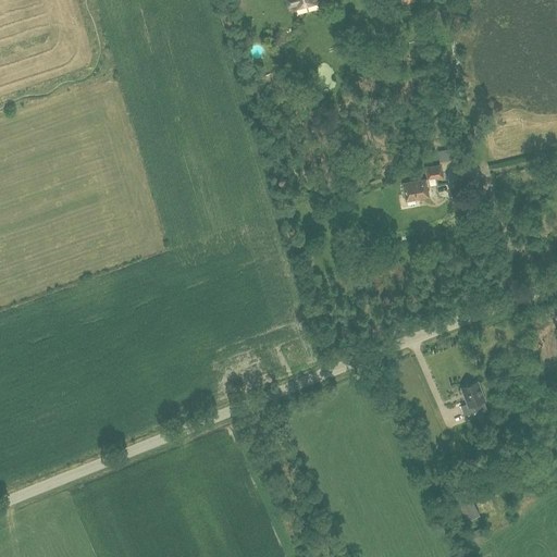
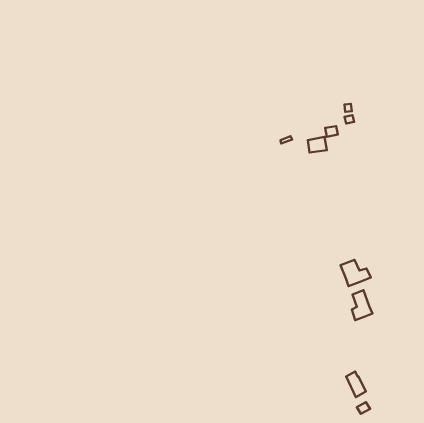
building: none -> [341,260,371,286]

